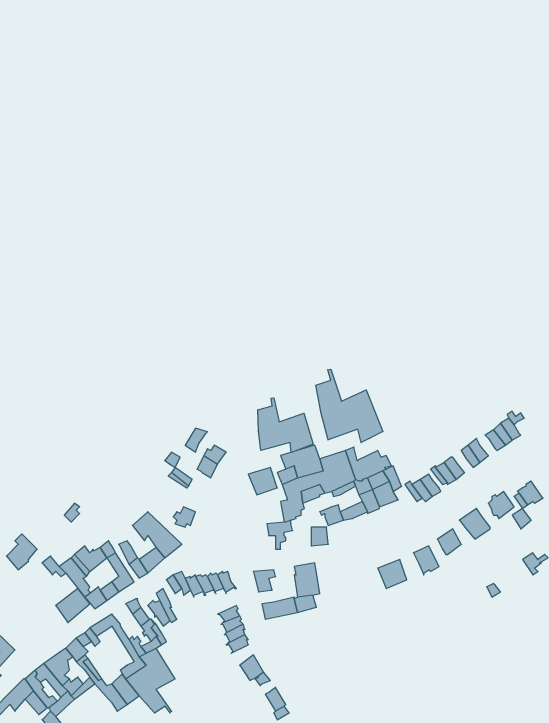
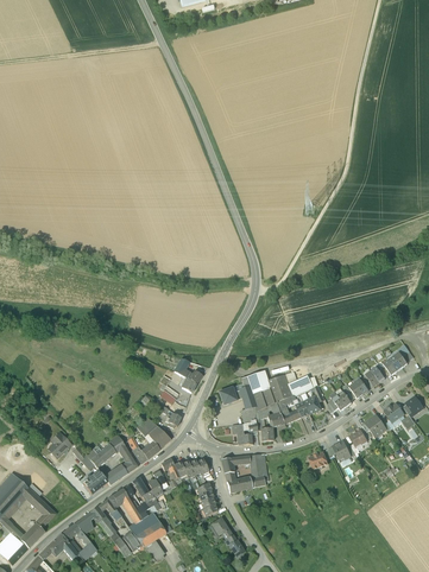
building: [316,369,383,443] -> none
building: [258,398,313,452] -> none

